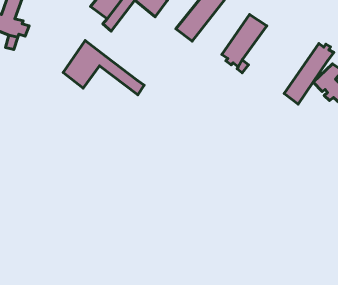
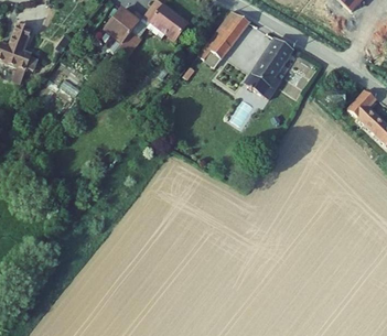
building: [63,41,144,95] -> none
building: [284,44,334,104] -> none

